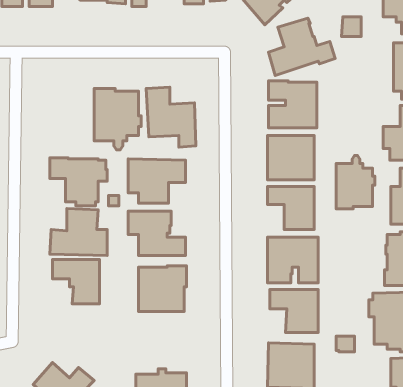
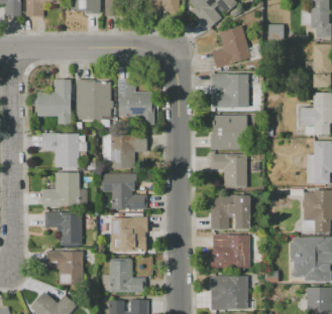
building: none -> [32,78,72,124]
building: [336,156,375,209] -> none
building: none -> [47,251,84,285]
building: none -> [102,259,146,293]

